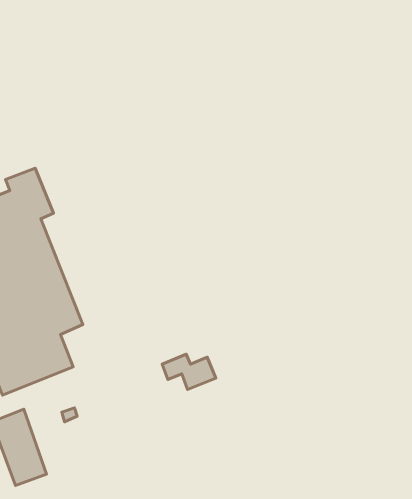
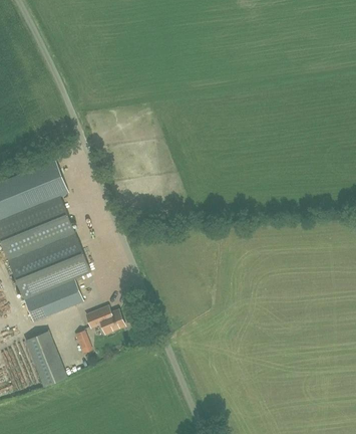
building: [162,354,216,389] -> [85,306,123,332]

